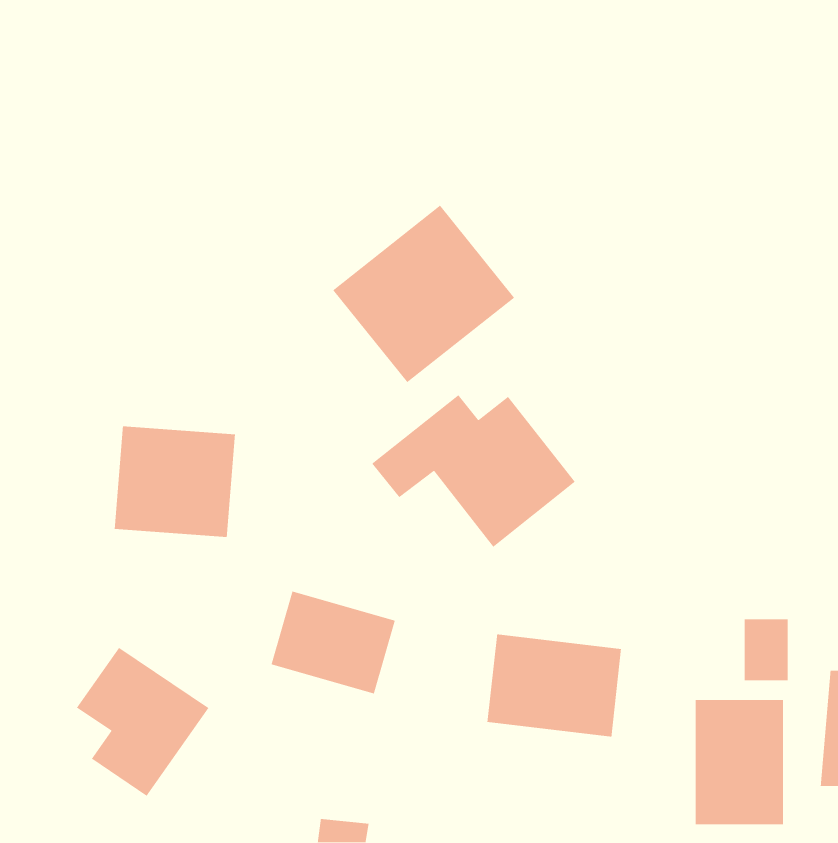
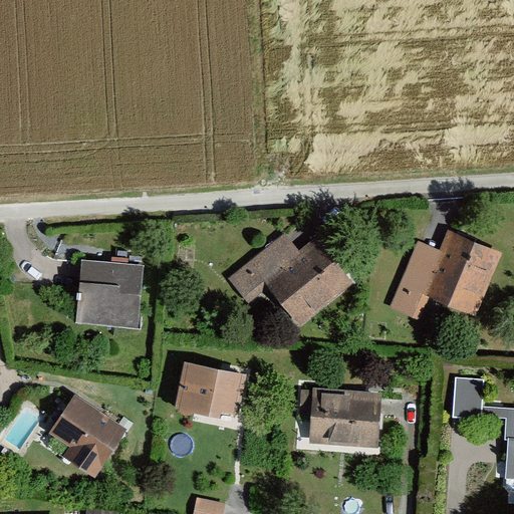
building: [332,205,515,383] -> none
building: none -> [388,231,500,317]
building: [695,699,784,825] -> none

